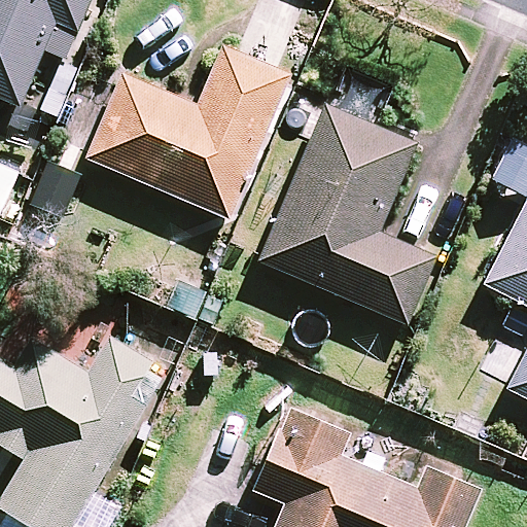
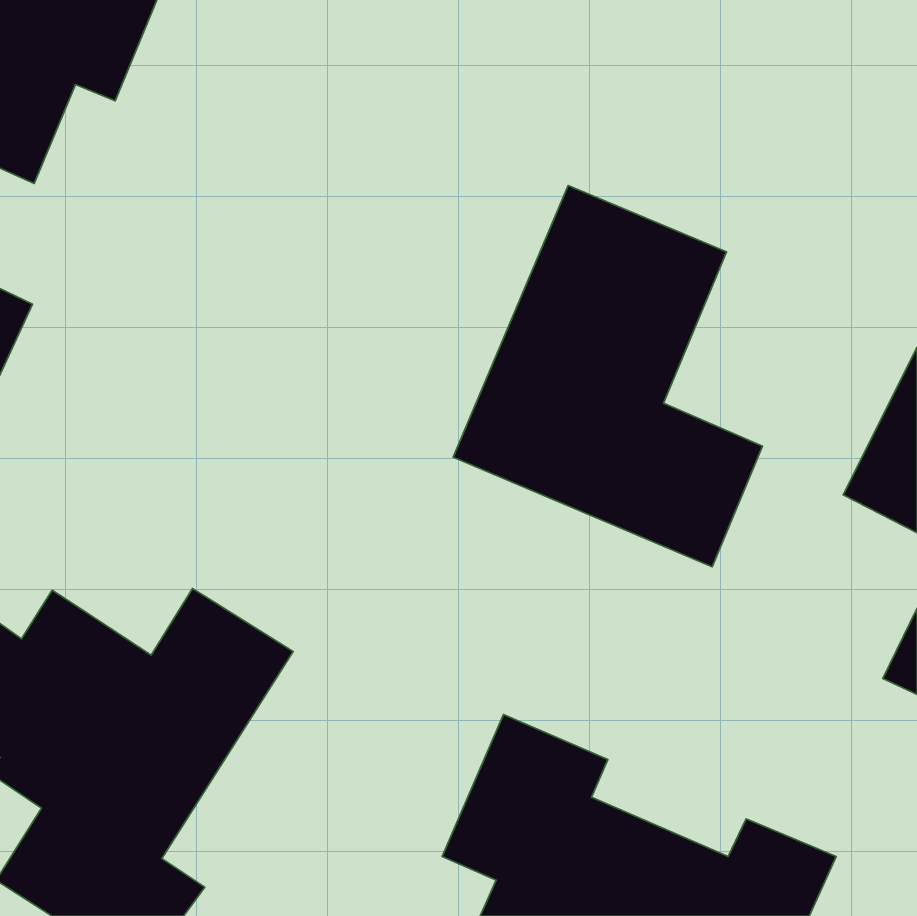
building: [86,48,289,219] -> none

